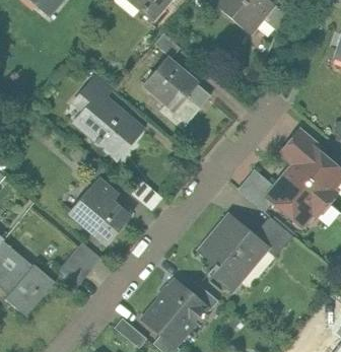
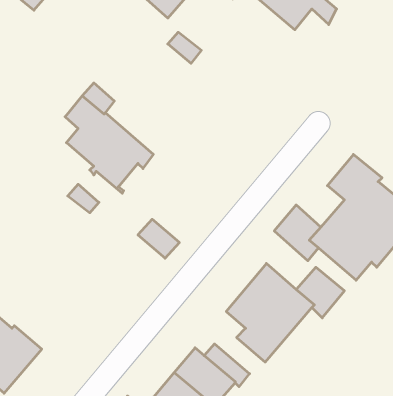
building: [145,59,201,129] -> none
building: [69,179,129,241] -> none
building: [59,241,100,285] -> none

